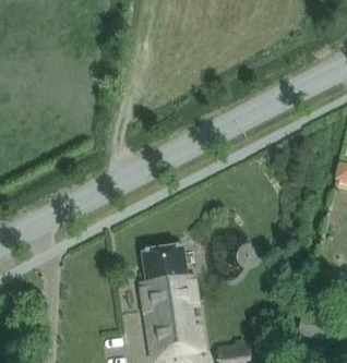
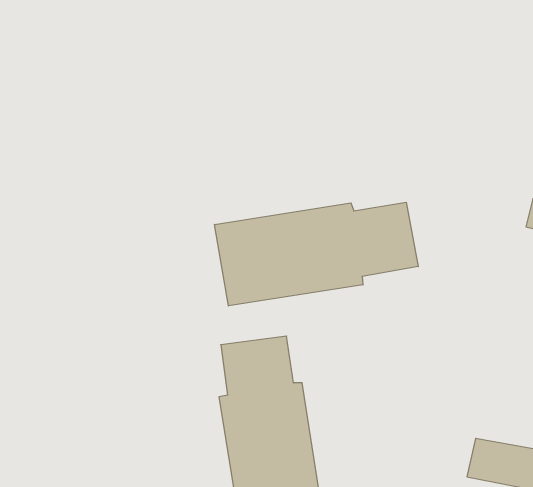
building: none -> [215,202,418,306]

